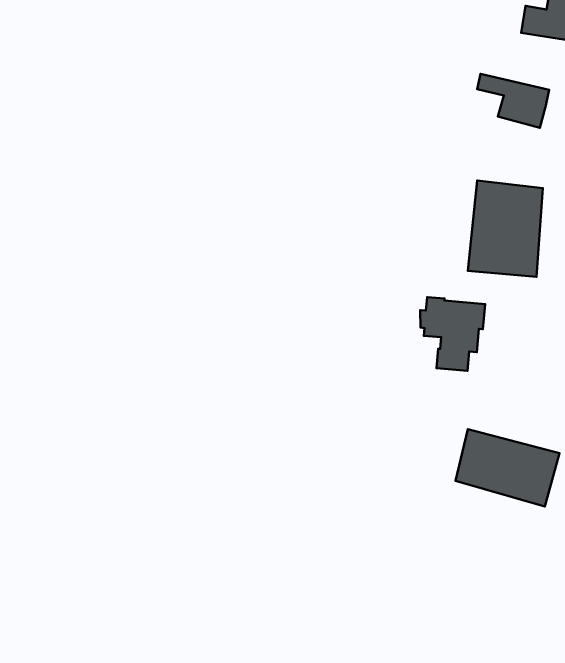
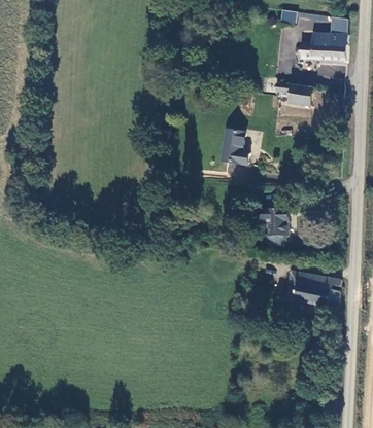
building: none -> [222,133,249,166]
building: [468,181,543,277] -> none

